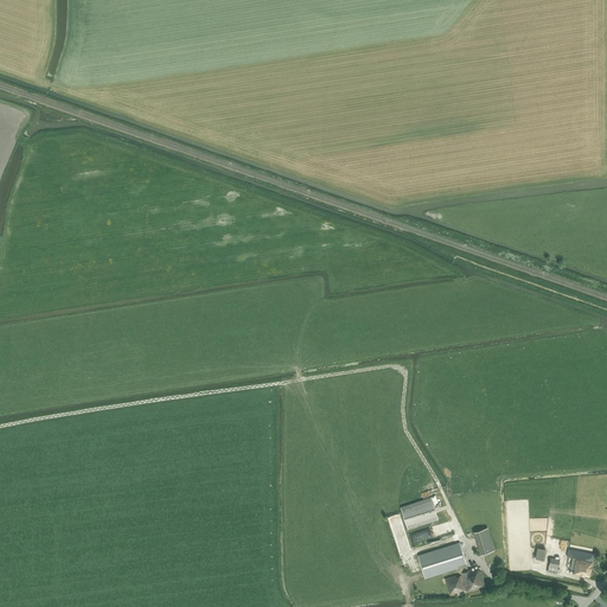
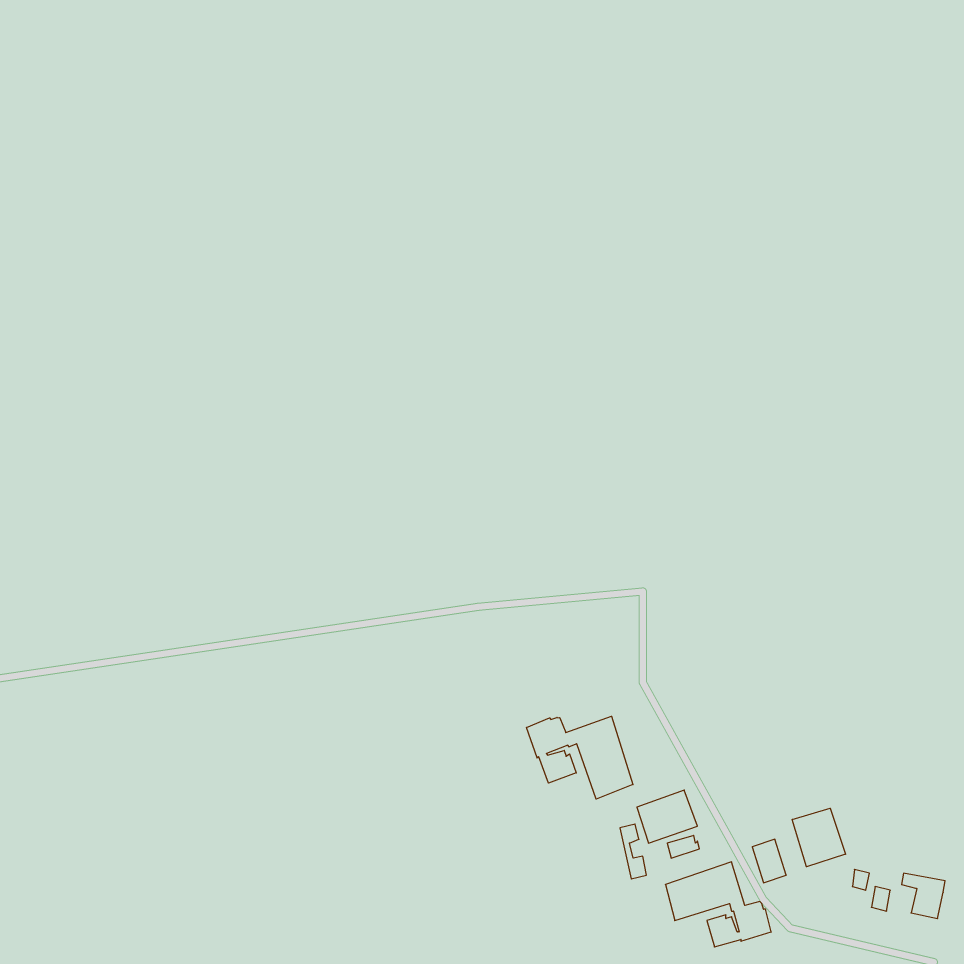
building: none -> [527,716,633,799]
building: none -> [792,808,846,867]

